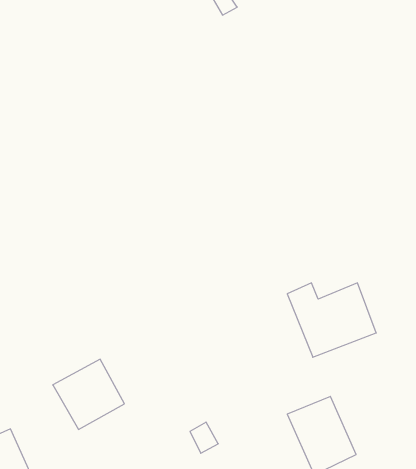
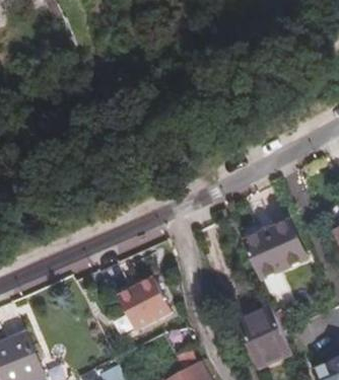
building: [53,359,124,429] -> [115,277,168,329]

